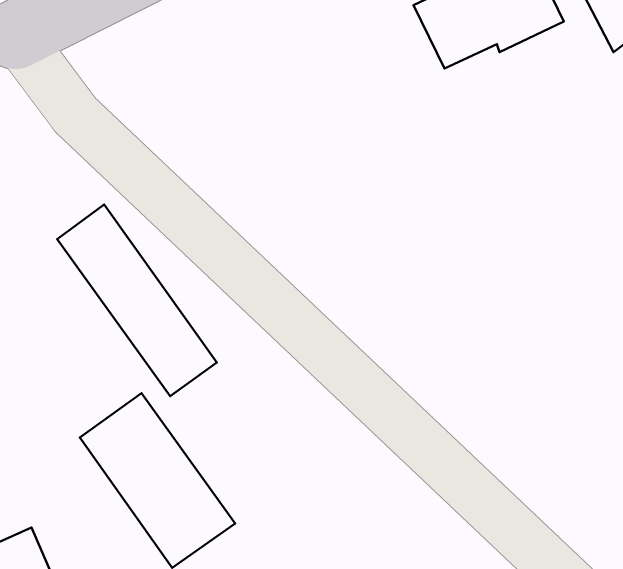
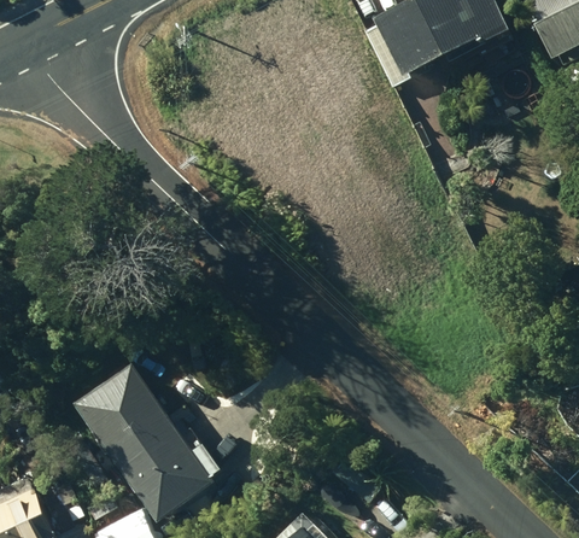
building: [57,204,217,396] -> none

